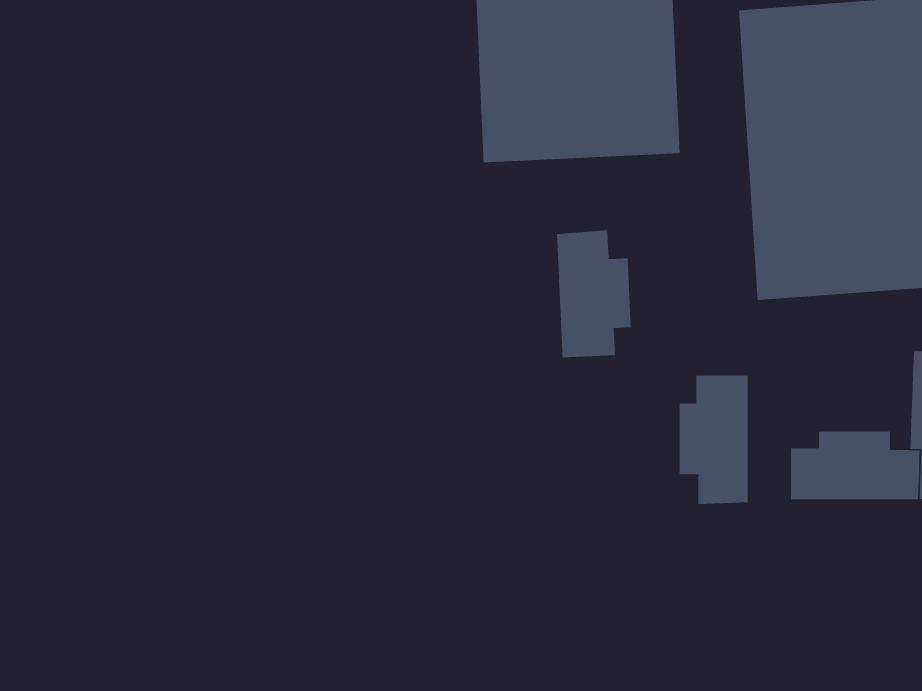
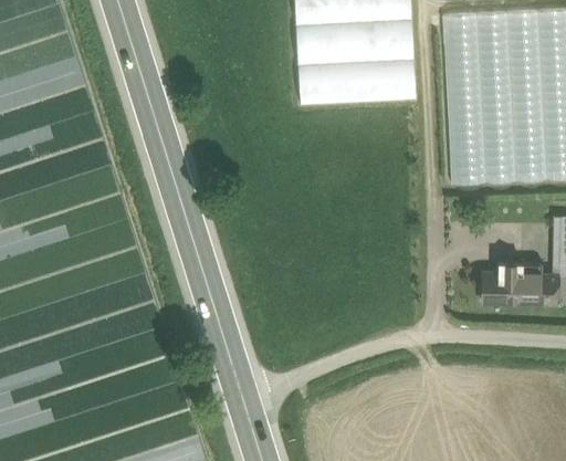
building: [557,229,631,358] -> none
building: [679,375,748,505] -> none

